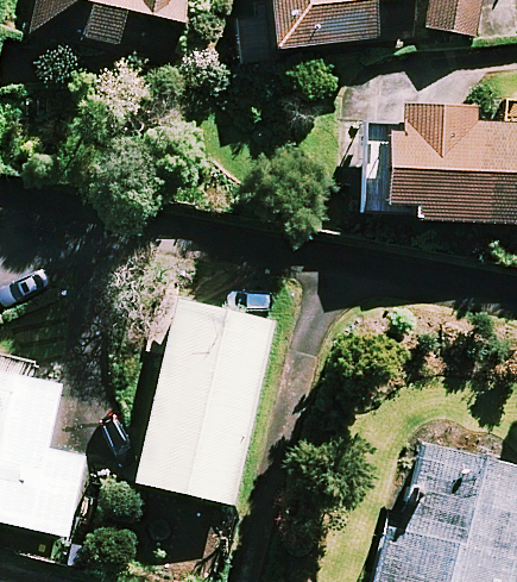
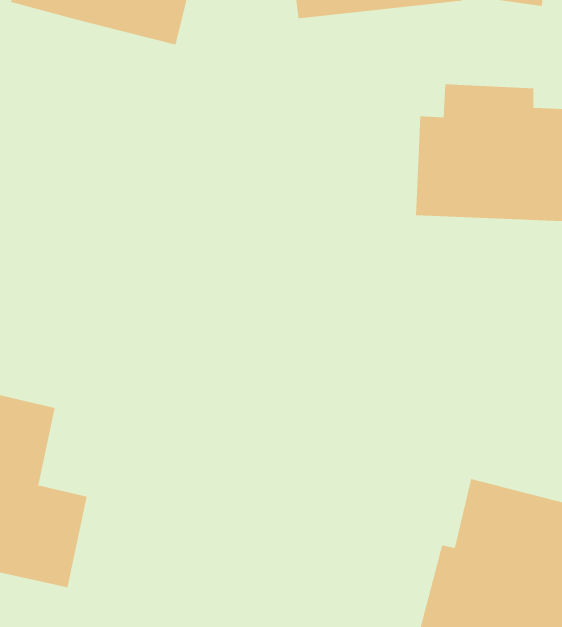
building: [137,298,277,502] -> none

